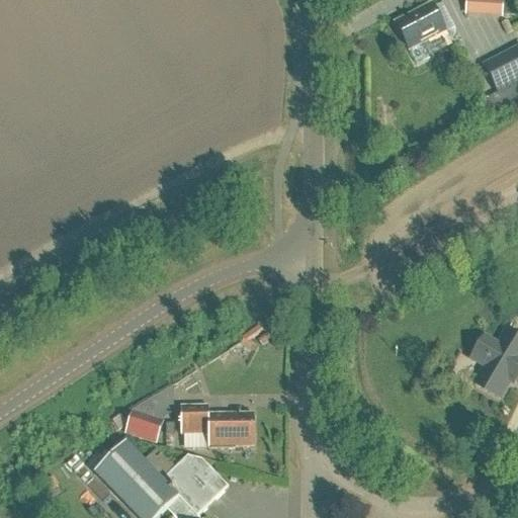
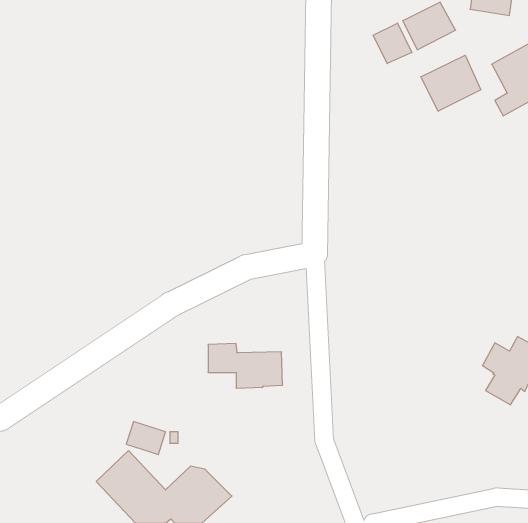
building: none -> [373,23,412,64]
building: none -> [421,55,481,111]
building: [181,404,254,447] -> [208,344,283,388]

